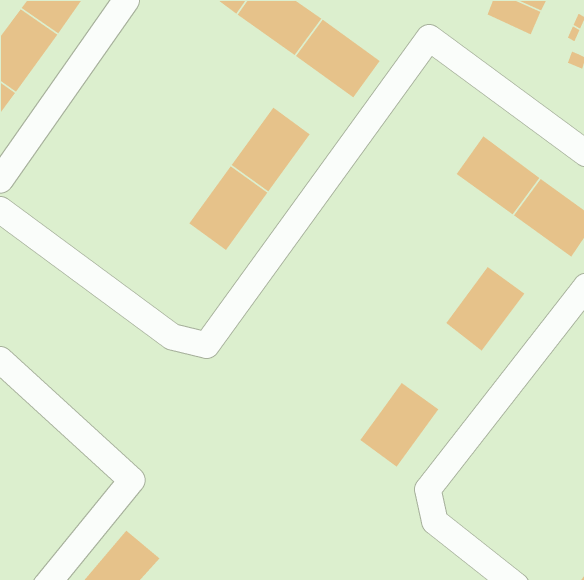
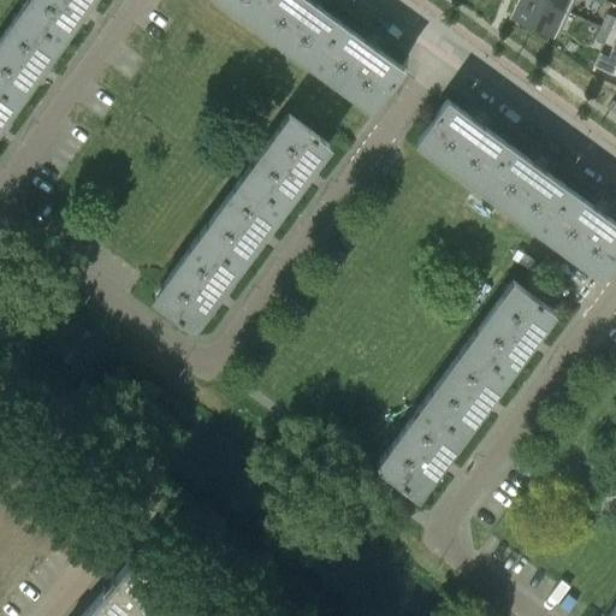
building: none -> [419,105,509,189]
building: none -> [155,241,239,331]
building: none -> [424,345,508,436]

